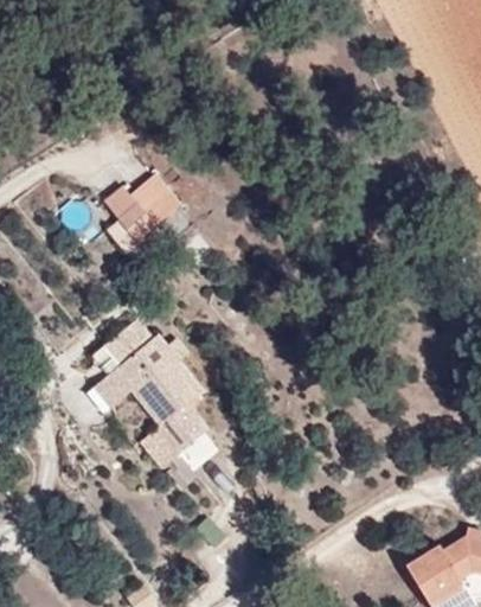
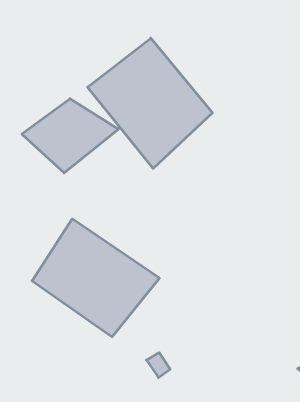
building: none -> [88,38,212,168]

